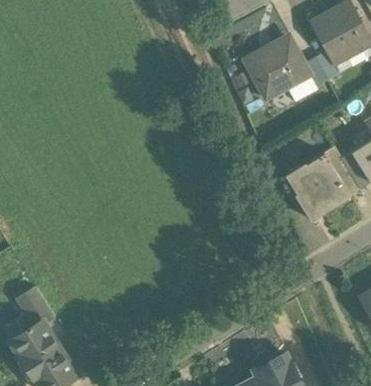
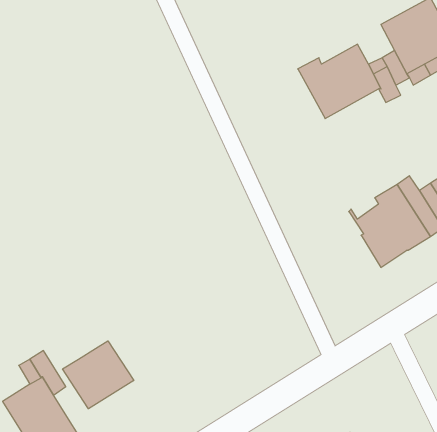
building: none -> [63,341,134,409]

